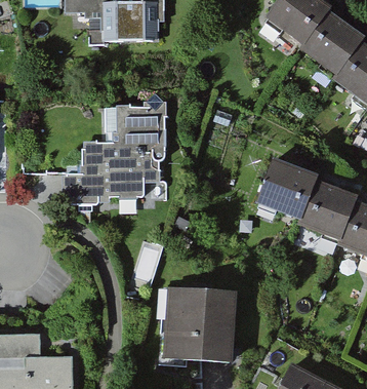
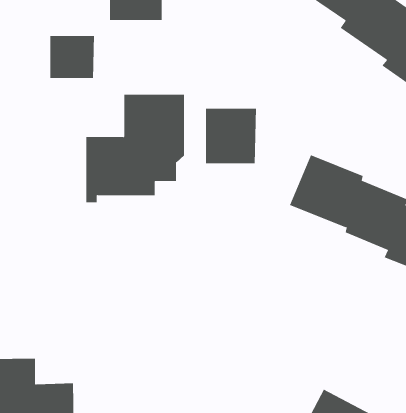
building: none -> [50,35,95,79]
building: none -> [206,108,256,164]
building: [160,288,239,362] -> none

